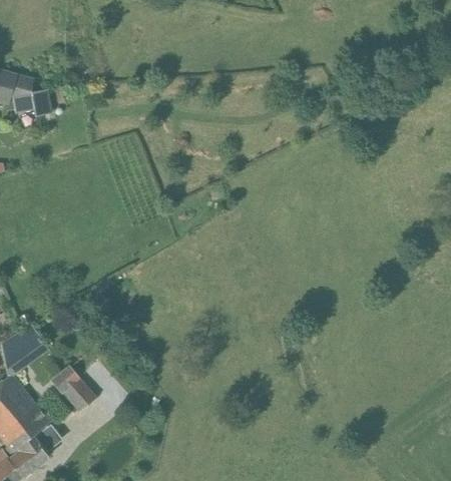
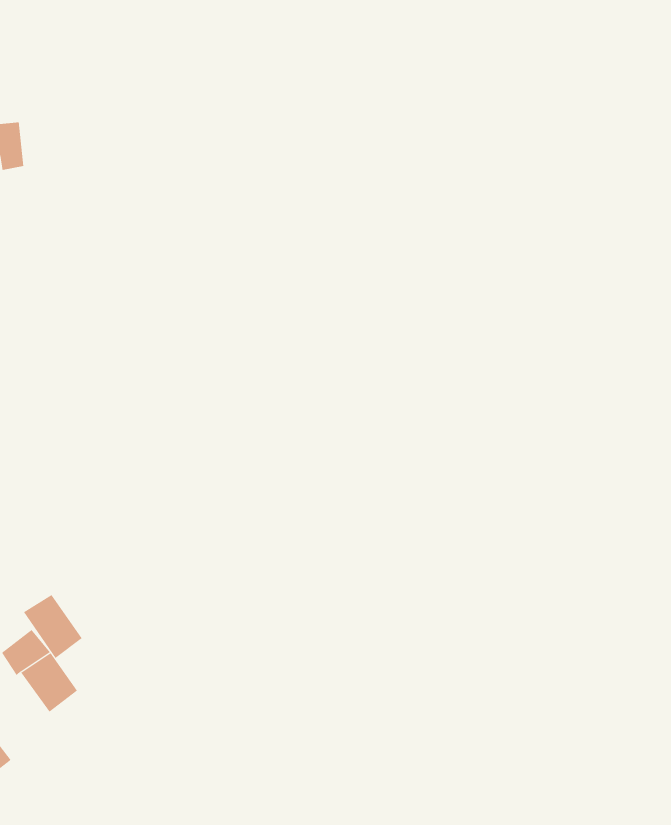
building: none -> [23,594,82,659]

